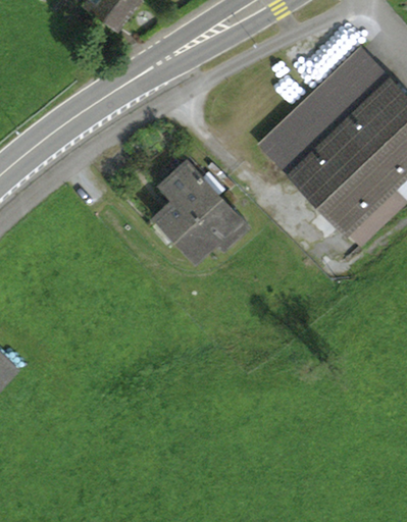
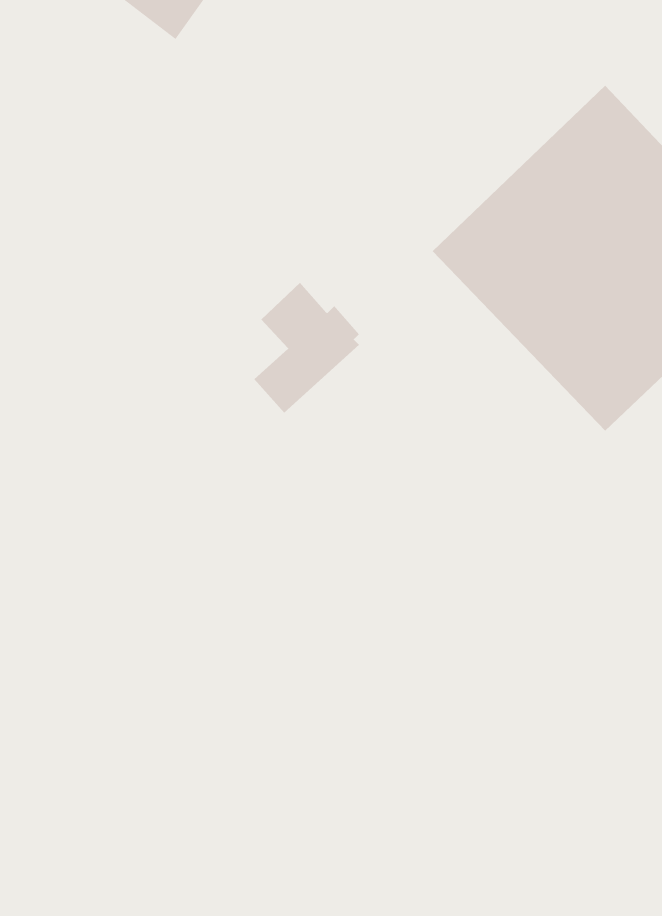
building: [175,193,245,254] -> none

